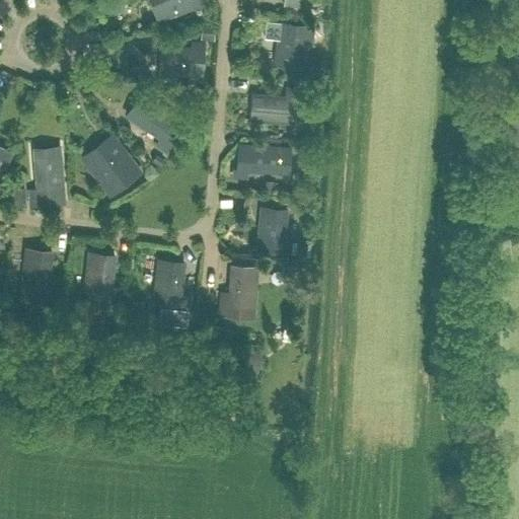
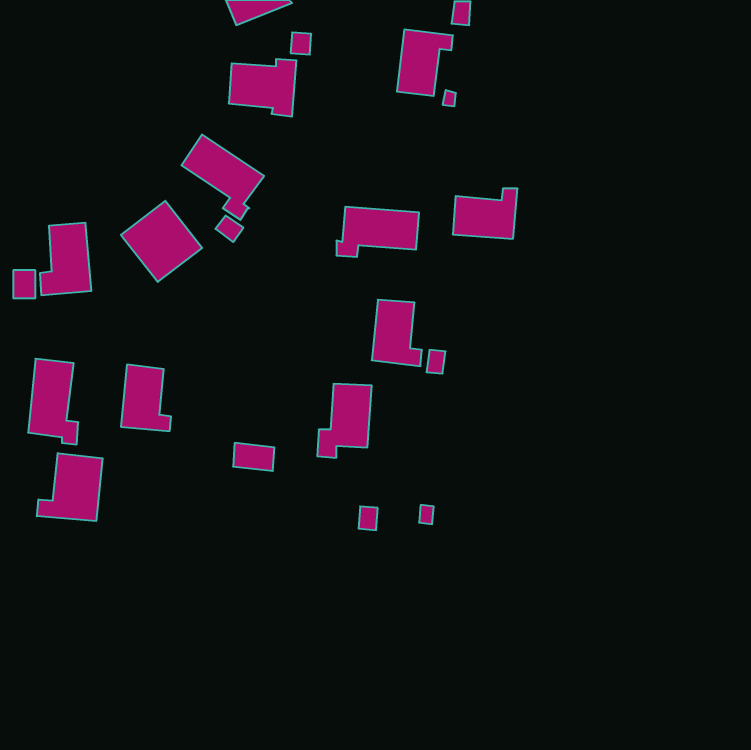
building: [251,90,296,125] -> [453,189,518,239]
building: [154,261,190,307] -> none
building: none -> [37,453,103,521]

